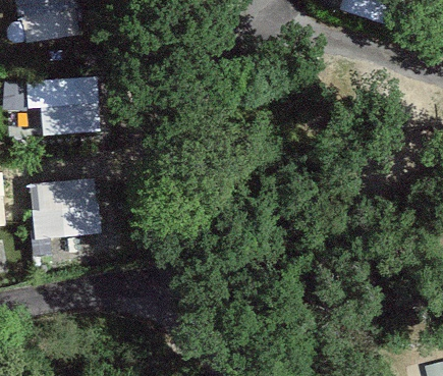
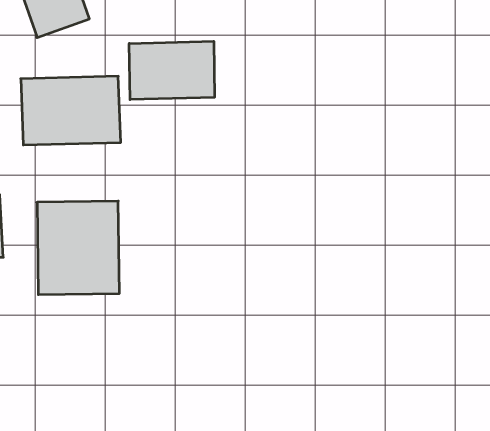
building: none -> [129,41,214,100]

